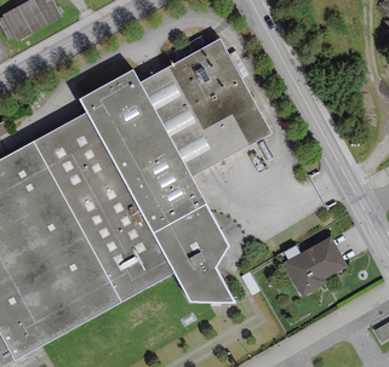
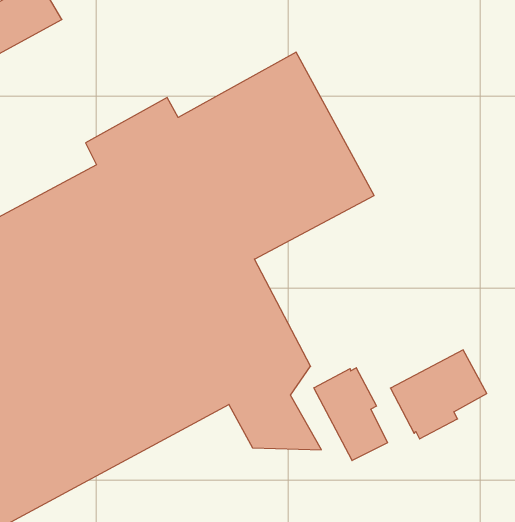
building: none -> [314,368,388,461]

